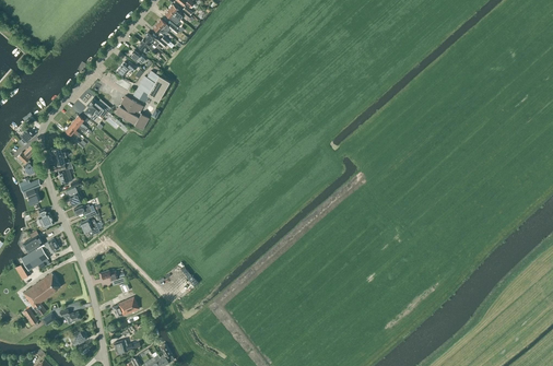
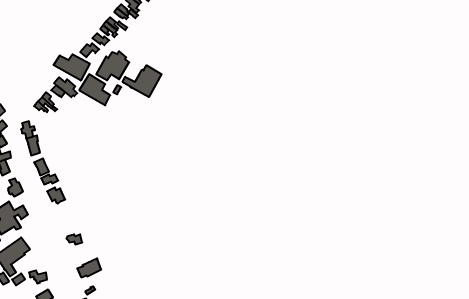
building: none -> [54,54,90,81]
building: none -> [123,65,162,97]

